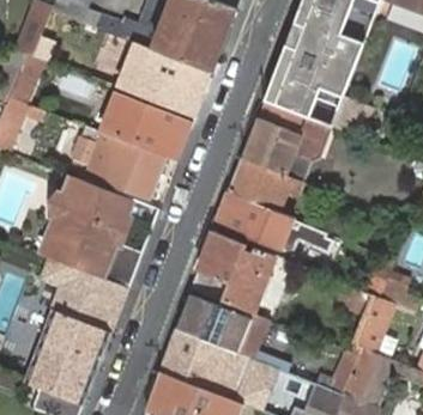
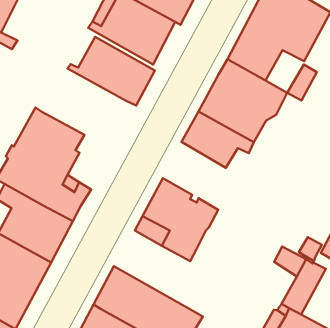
building: [72,127,165,200] -> none
building: [216,193,333,252] -> none
building: [175,295,288,372] -> none

